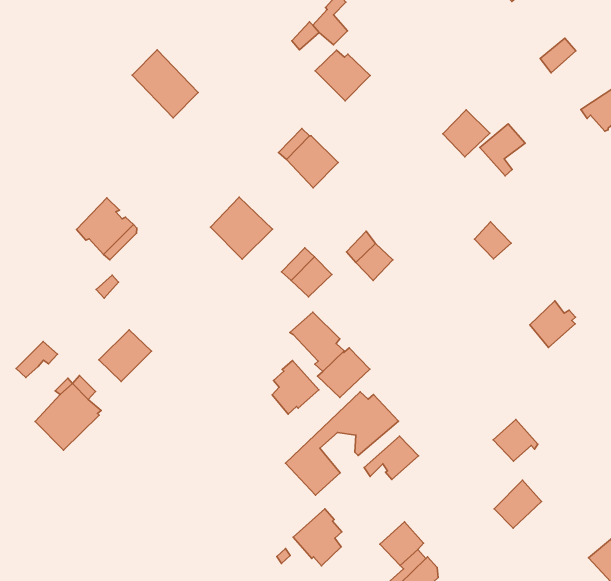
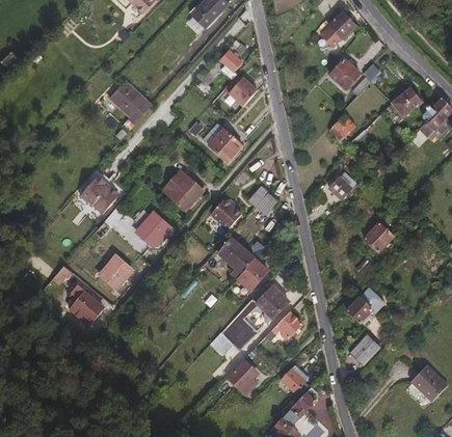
building: [443,110,490,157] -> [331,59,361,88]
building: none -> [138,212,170,245]
building: [272,360,319,414] -> none

